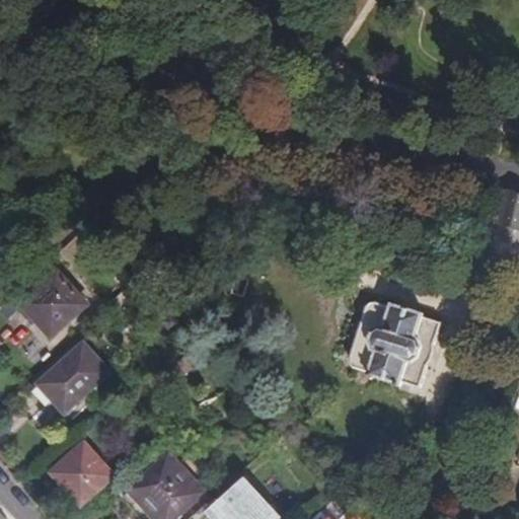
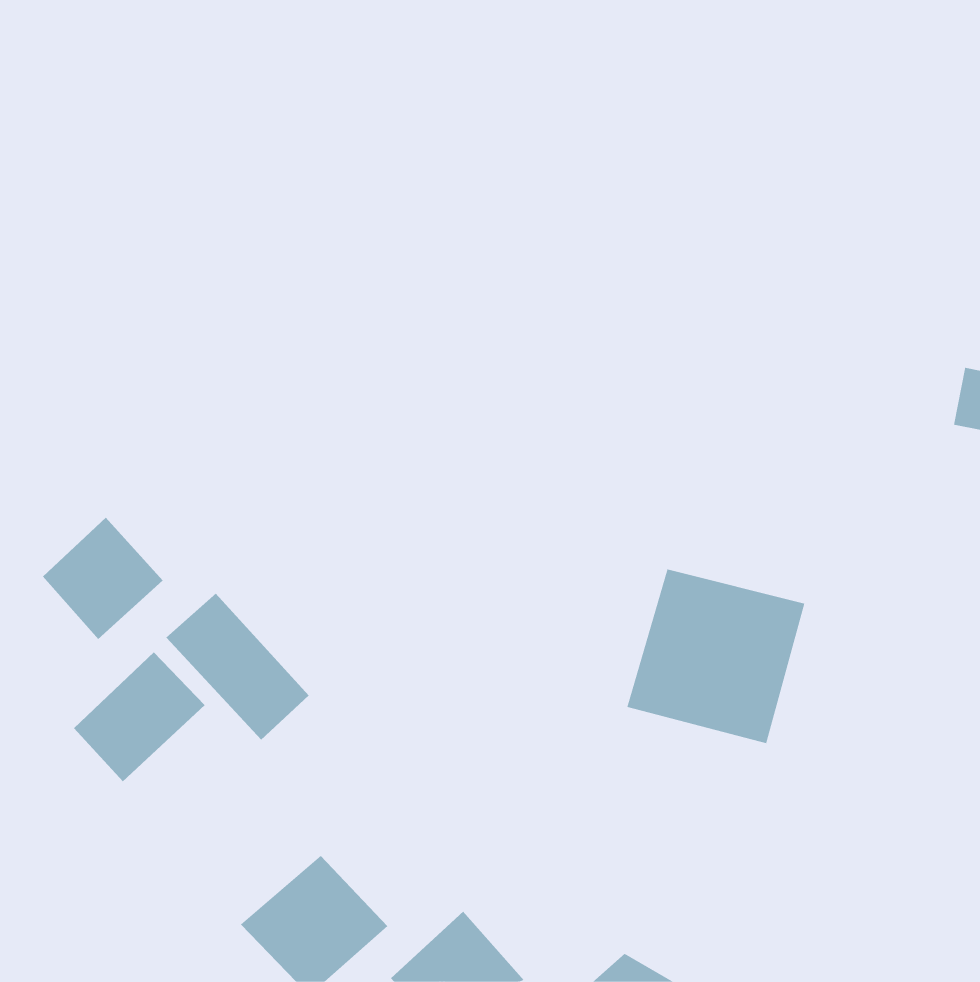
building: none -> [165,593,310,741]
building: [55,443,119,507] -> none

